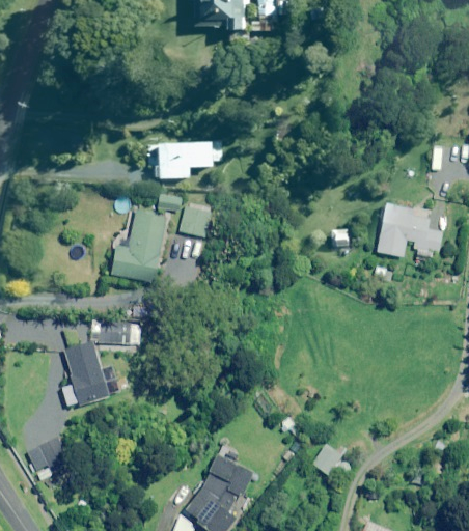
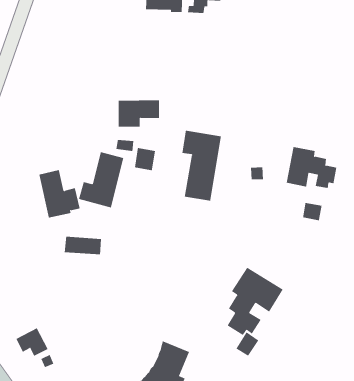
building: none -> [182,130,222,201]
building: none -> [302,202,322,221]
building: [66,340,120,402] -> [39,170,80,218]
building: none -> [227,267,284,336]

